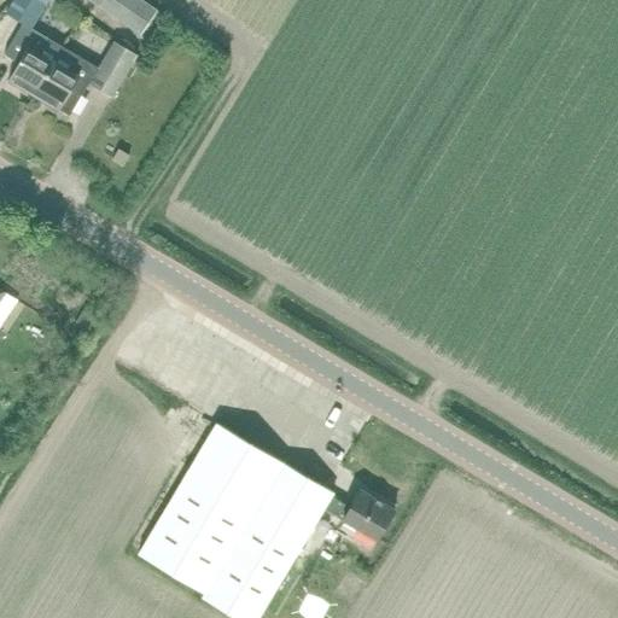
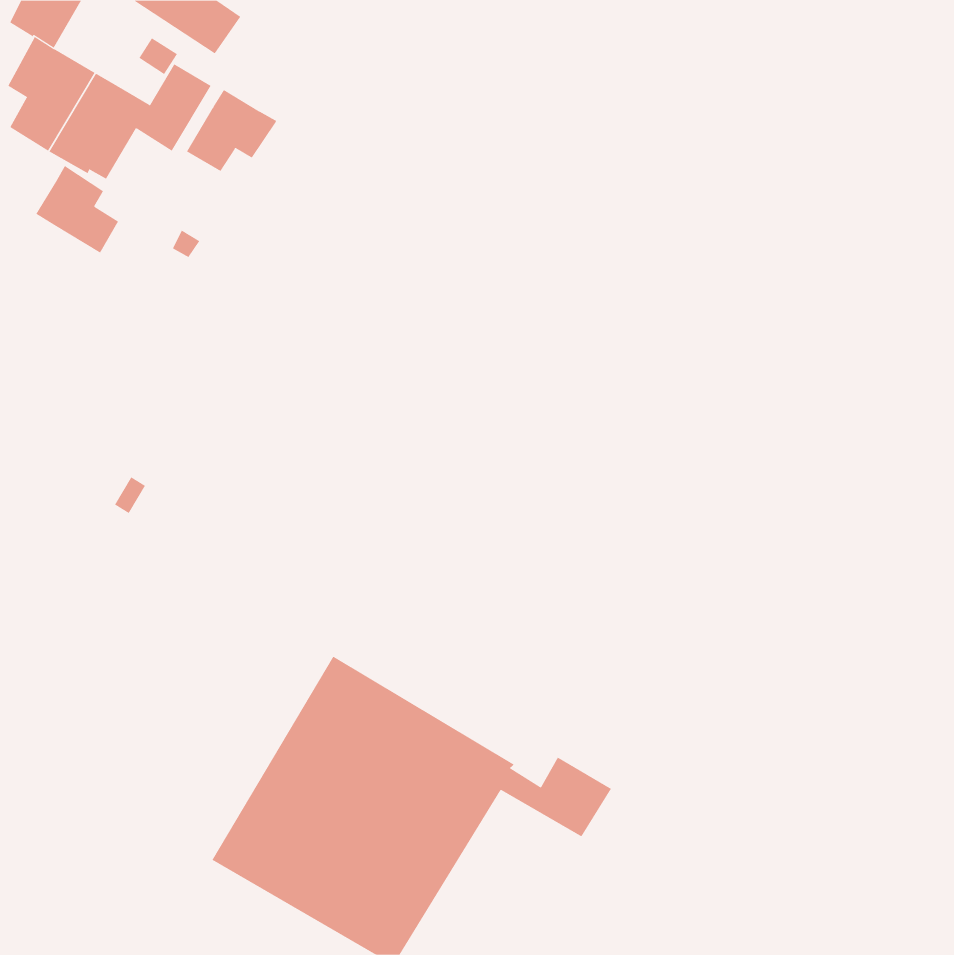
building: none -> [186,89,278,172]
building: none -> [35,164,119,253]

